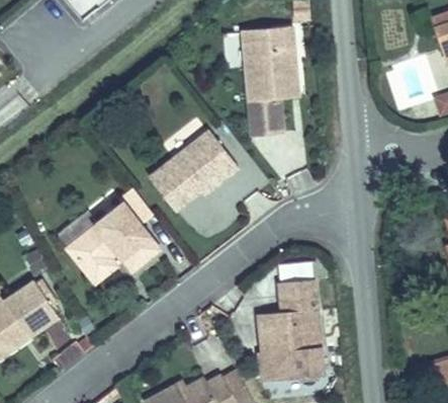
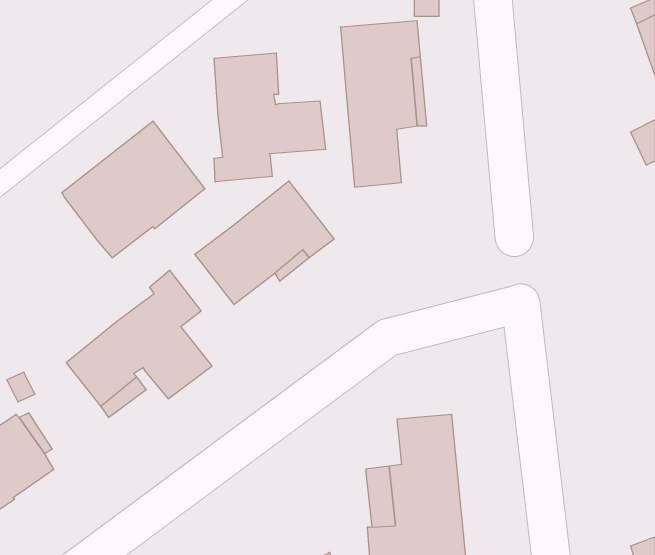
building: none -> [214,53,325,182]
building: none -> [62,121,205,258]

